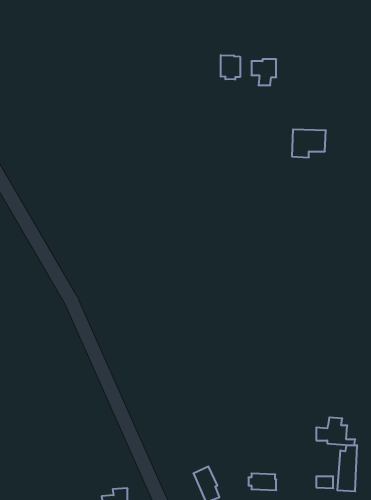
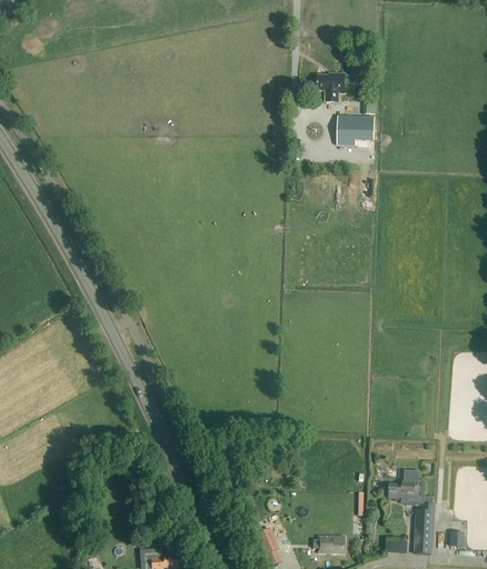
building: [221,55,240,80] -> none
building: [292,129,326,157] -> [337,116,375,147]

